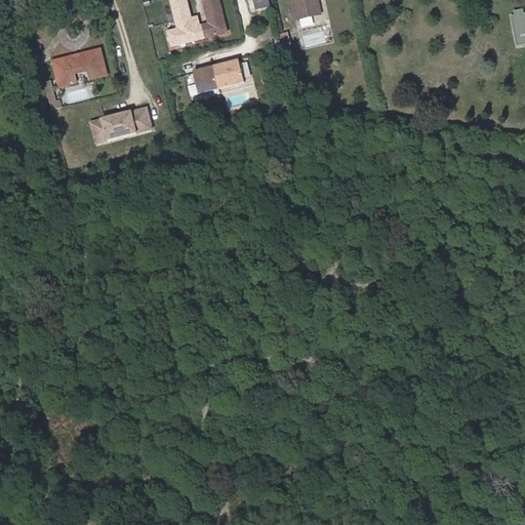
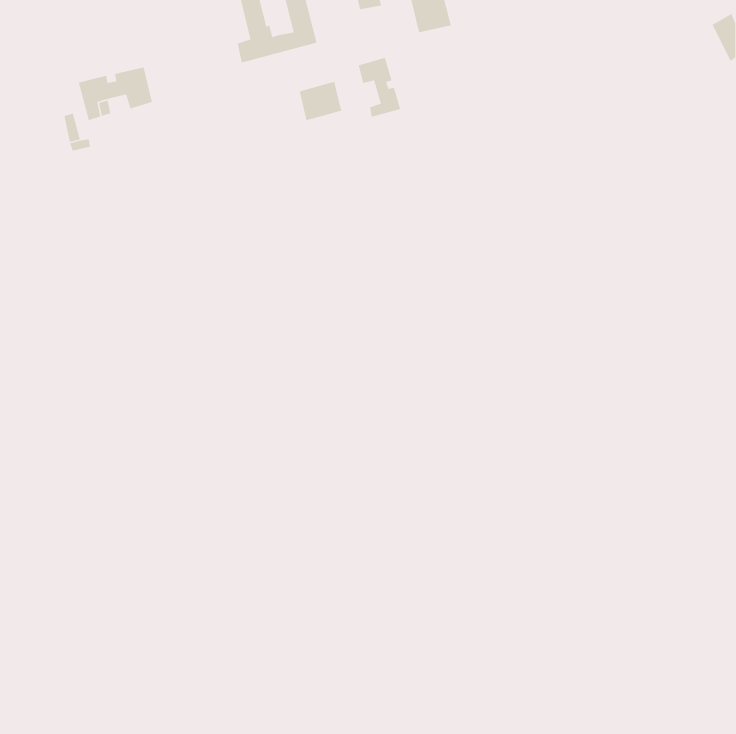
building: none -> [358,57,401,118]
building: [193,65,217,91] -> none
building: [88,106,153,145] -> none

